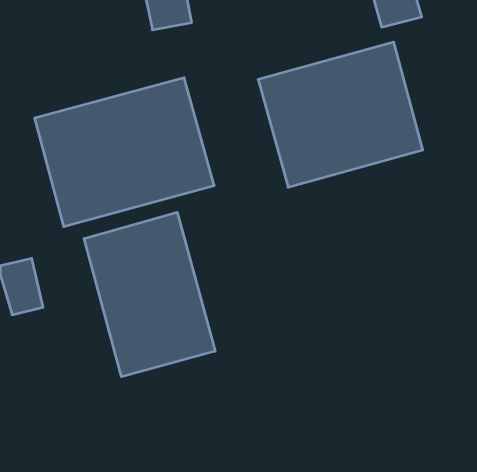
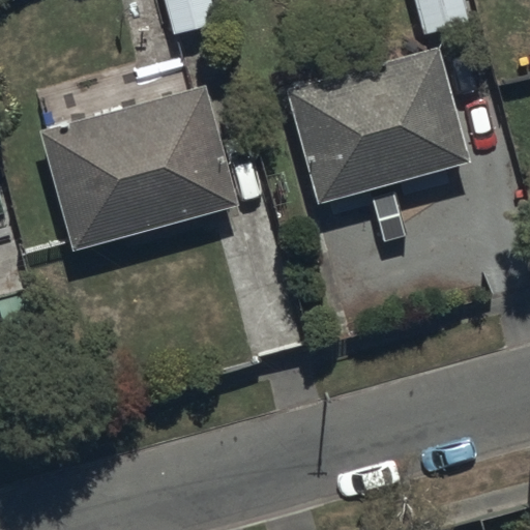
building: [84,212,215,377] -> none

